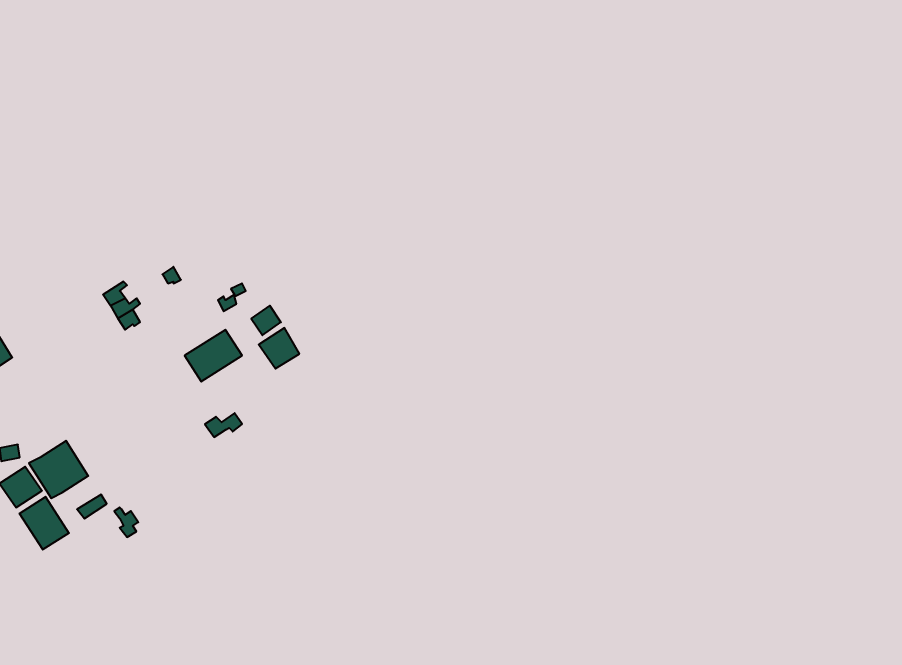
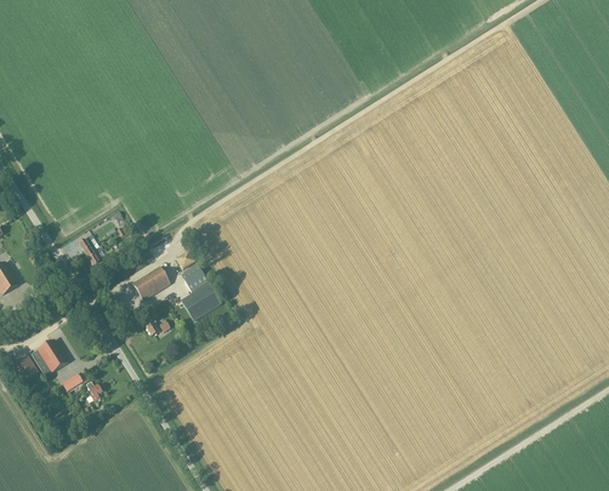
building: none -> [182,284,221,320]
building: [20,497,69,550] -> none

